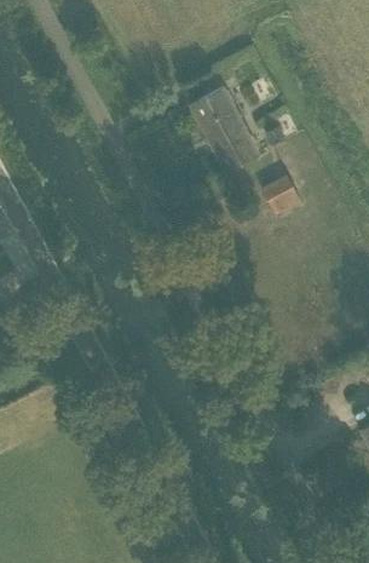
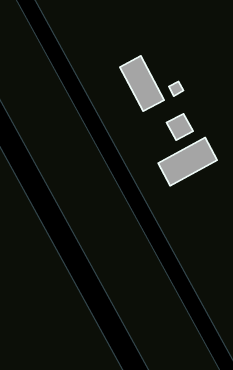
building: none -> [158,138,217,186]

